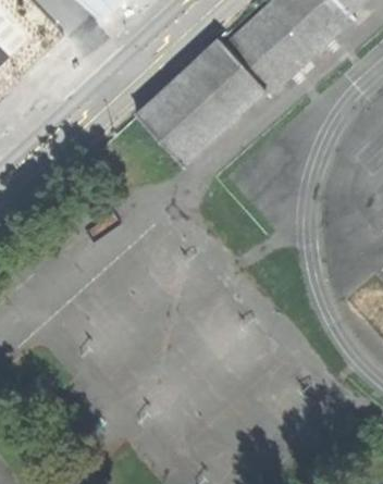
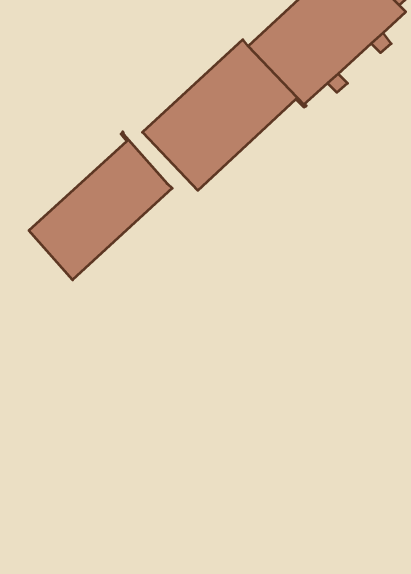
building: none -> [29,132,172,280]

